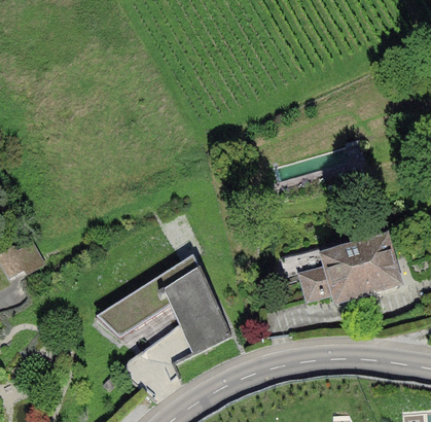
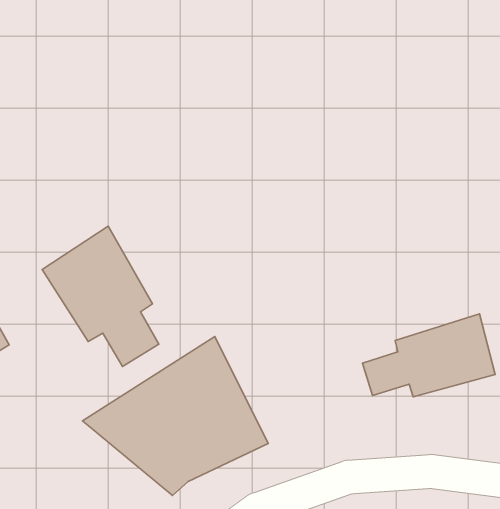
building: none -> [42,226,159,367]

